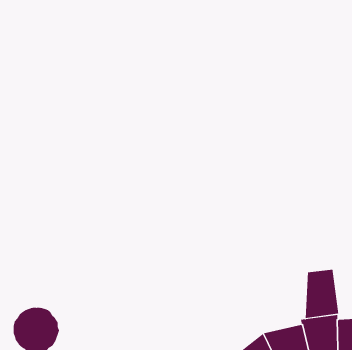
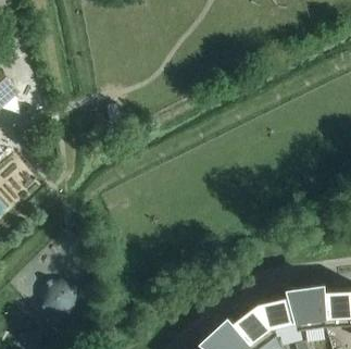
building: [305,269,339,319] -> none

